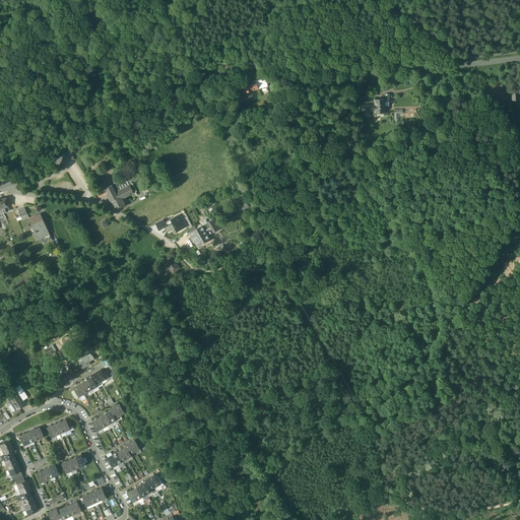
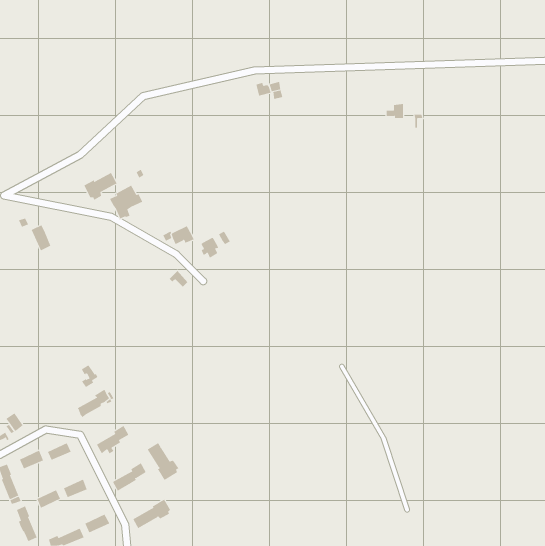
building: none -> [83,172,118,200]
building: none -> [147,442,179,481]

